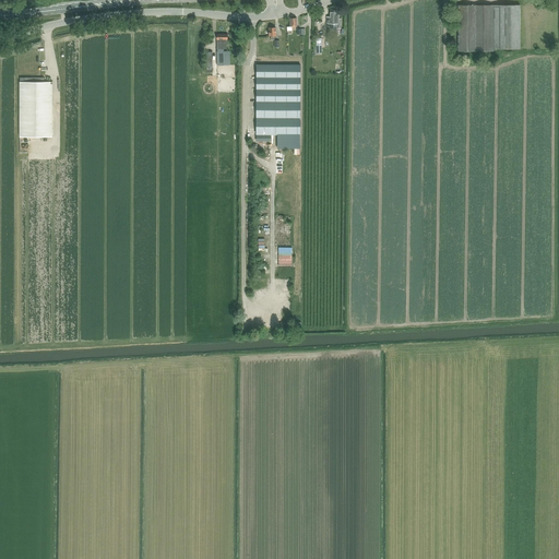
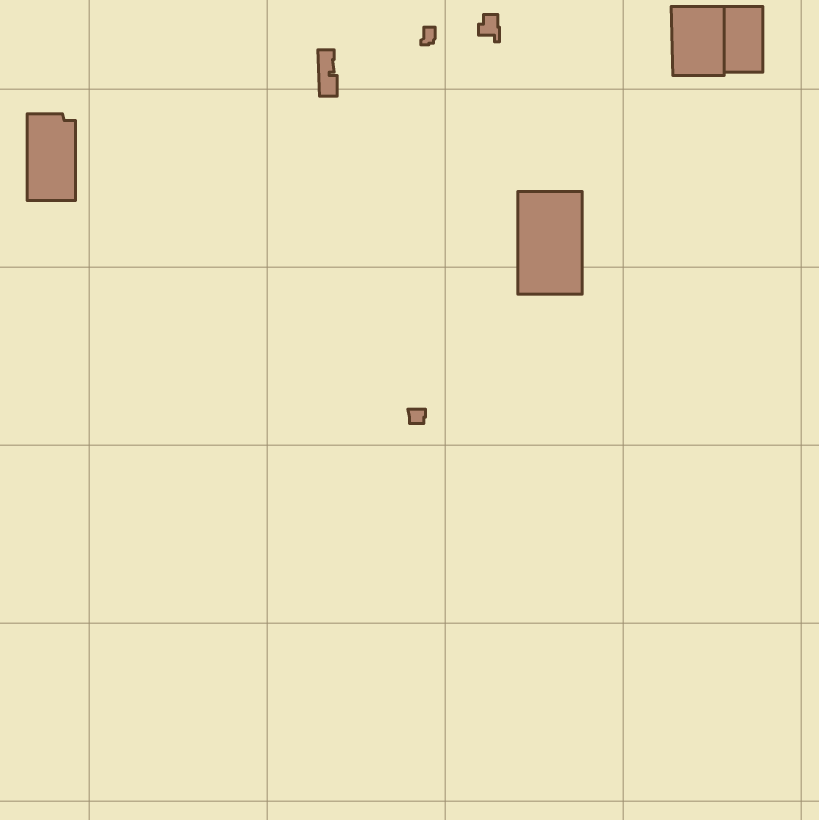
building: [255,64,299,134] -> [518,191,582,294]

